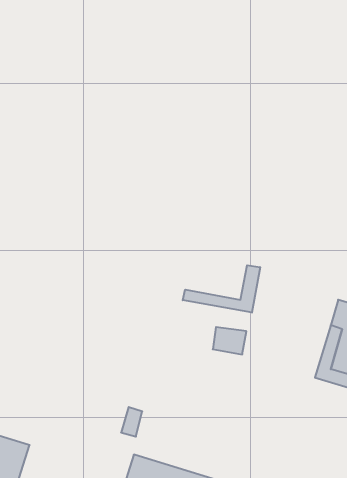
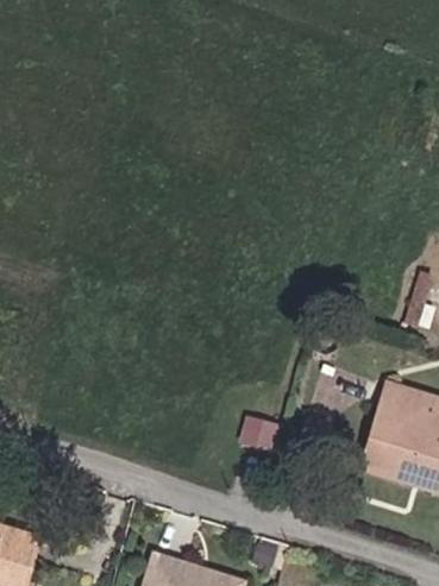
building: [183,265,260,313] -> none

